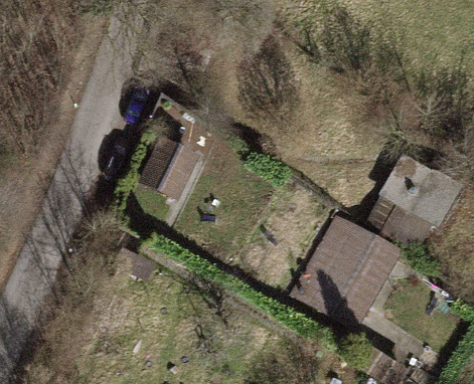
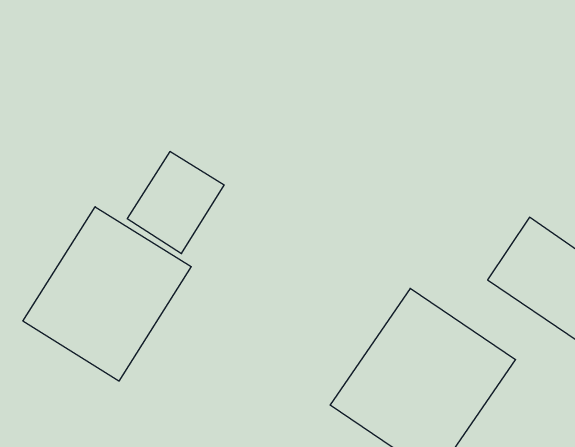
building: none -> [23,207,191,381]

